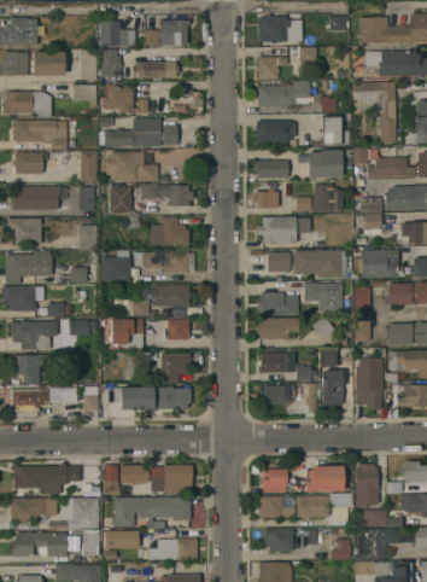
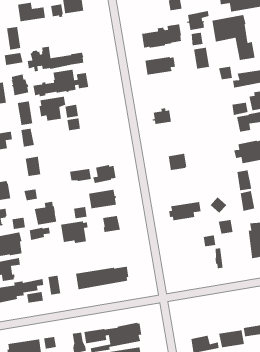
building: [99,48,122,76] -> [10,73,29,96]
building: [256,56,287,78] -> [186,10,209,31]
building: [135,60,180,81] -> none
building: [308,149,341,177] -> none
building: [255,159,288,177] -> none
building: [296,182,343,210] -> none
building: [110,185,133,213] -> none
building: [158,185,193,205] -> none
building: [257,215,310,243] -> none
building: [150,216,189,245] -> none
building: [293,248,346,277] -> none
building: [103,250,131,279] -> [34,201,57,225]
building: [303,283,341,312] -> none
building: [257,292,298,315] -> none
building: [162,351,191,383] -> none
building: [259,353,287,372] -> none
building: [322,369,343,405] -> none
building: [262,384,294,405] -> none
building: [305,465,344,491] -> none
building: [262,467,287,493] -> none

